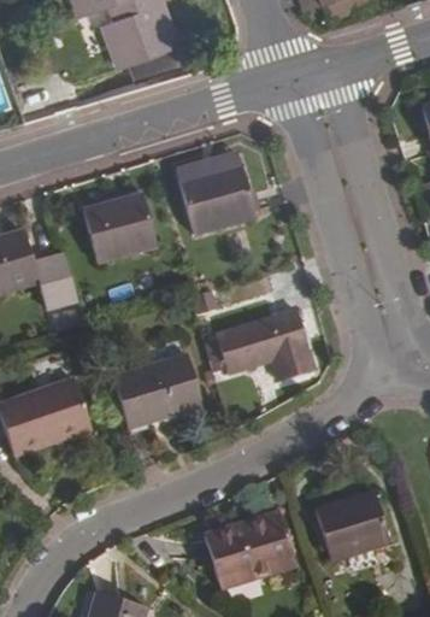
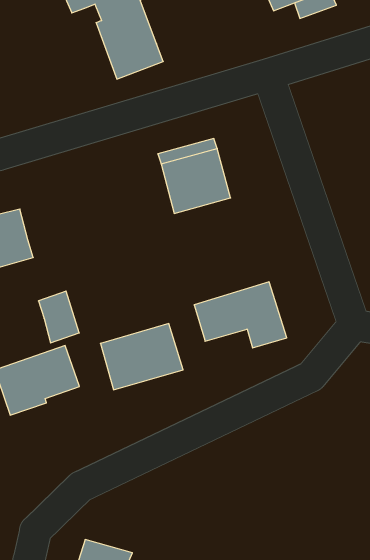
building: [84,193,157,263] -> none
building: [34,252,78,308] -> [38,291,79,343]
building: [316,490,390,560] -> none
building: [204,510,296,588] -> none

